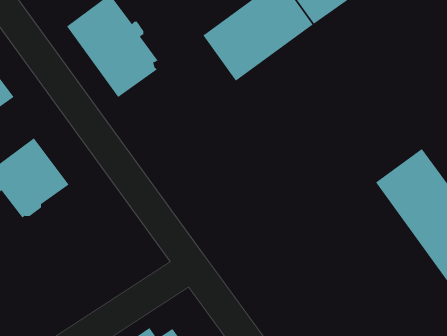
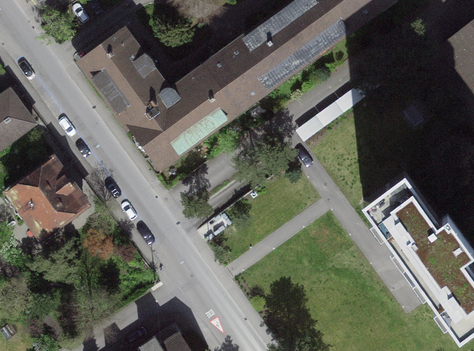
building: none -> [128,67,235,164]

